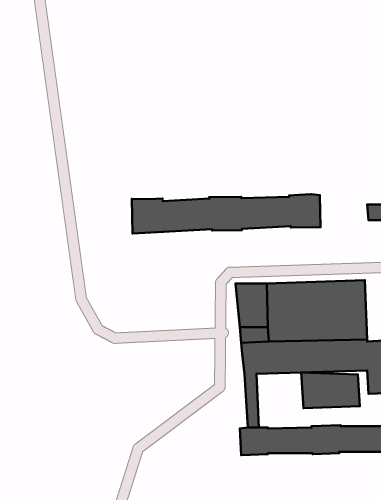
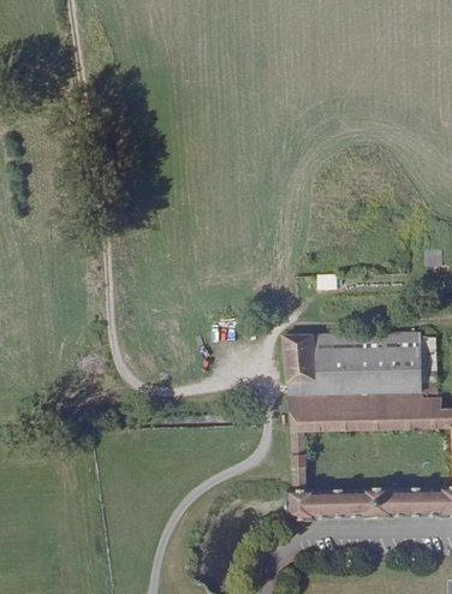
building: [132,194,320,234] -> none
building: [301,373,360,408] -> none

